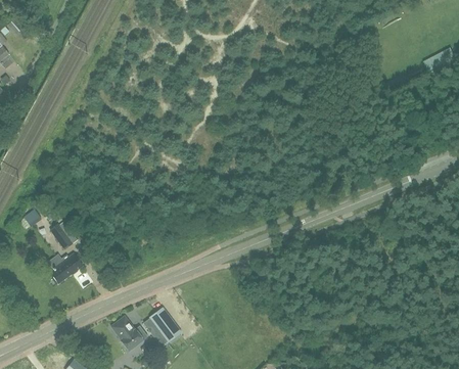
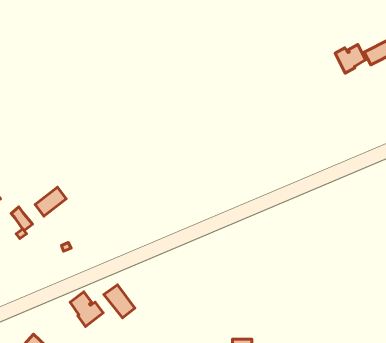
building: none -> [335,44,365,73]
building: [49,252,82,283] -> [35,187,66,216]

